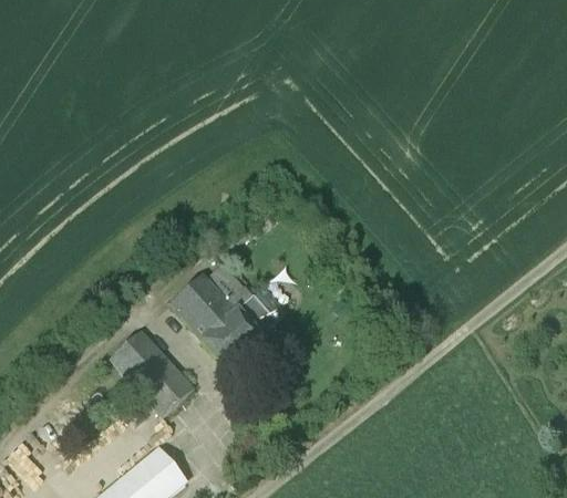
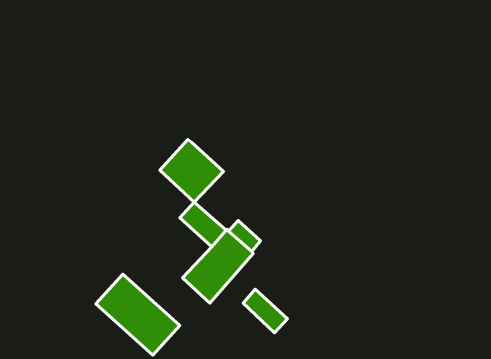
building: [169,273,235,339] -> [160,139,223,202]
building: none -> [243,289,288,333]

